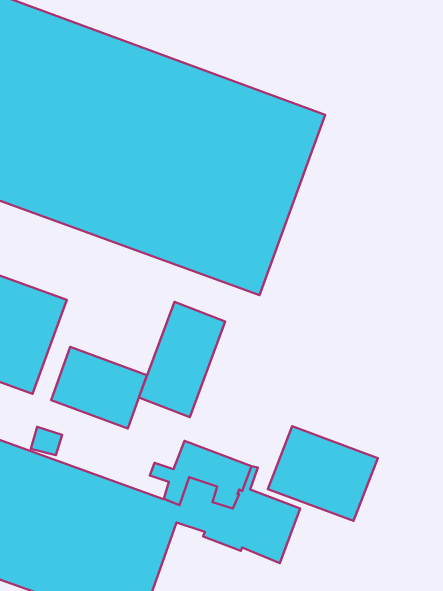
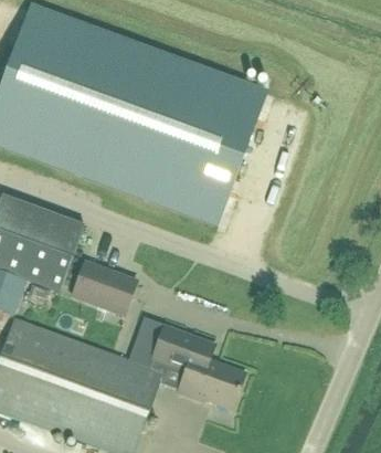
building: [139,302,225,417] -> none
building: [268,426,378,521] -> none

